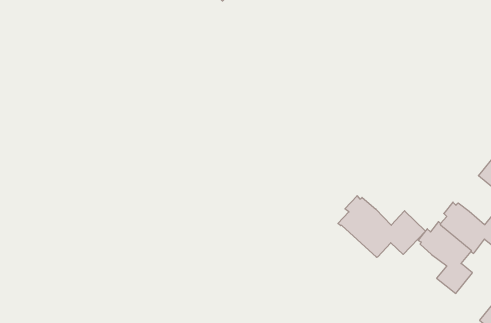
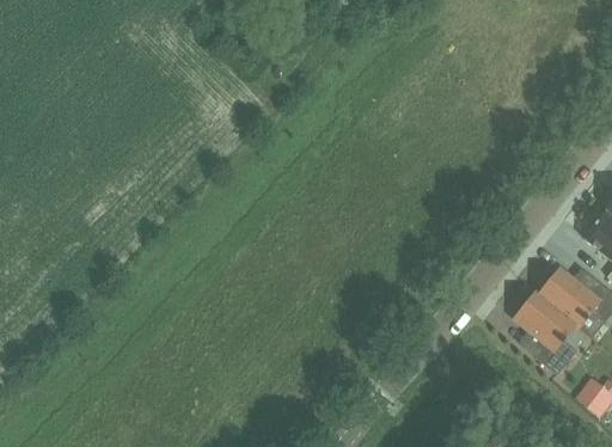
building: [338,196,425,257] -> none

